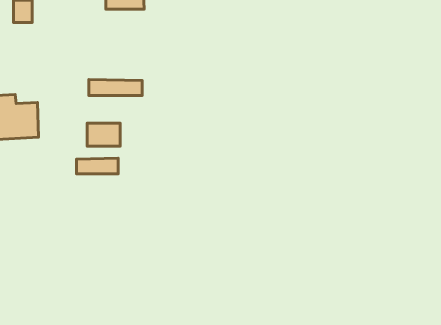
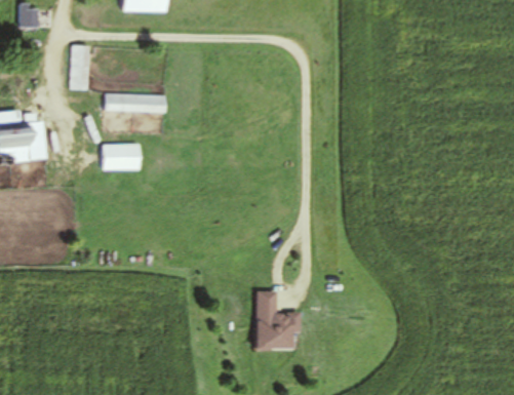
building: none -> [70,45,87,89]
building: [77,158,118,174] -> none
building: none -> [255,291,300,350]

